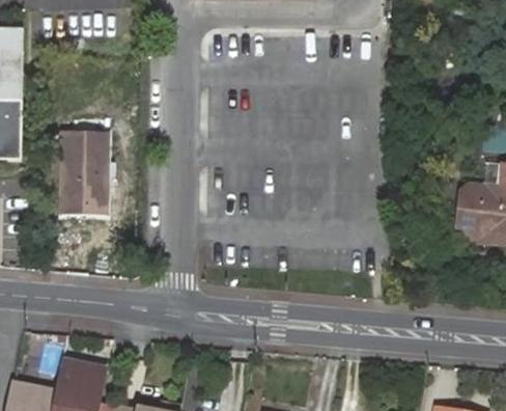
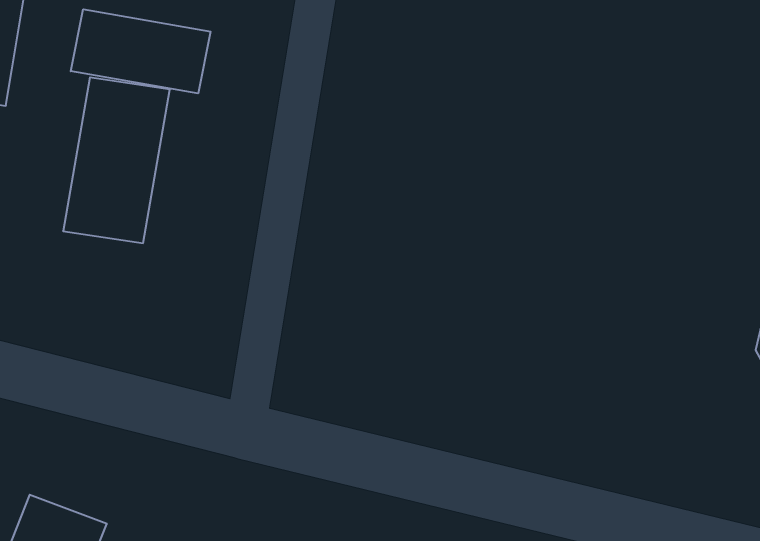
building: none -> [71,9,211,93]

